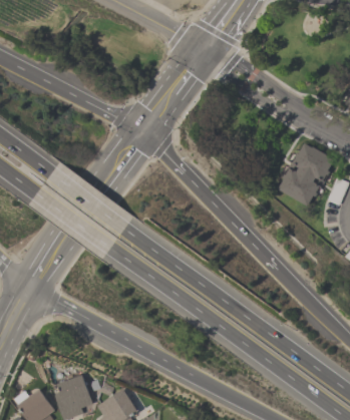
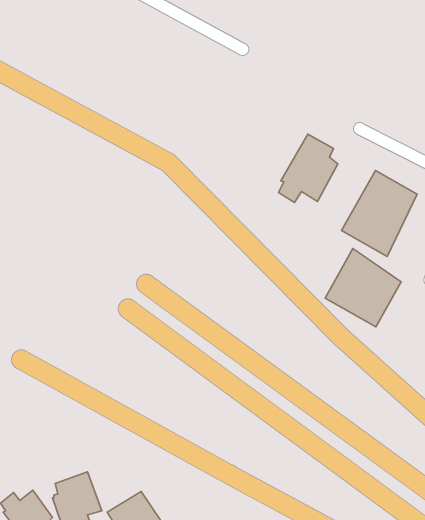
building: none -> [279,134,338,202]
building: none -> [325,249,401,327]

